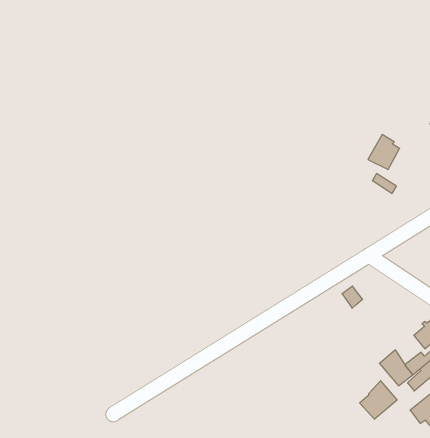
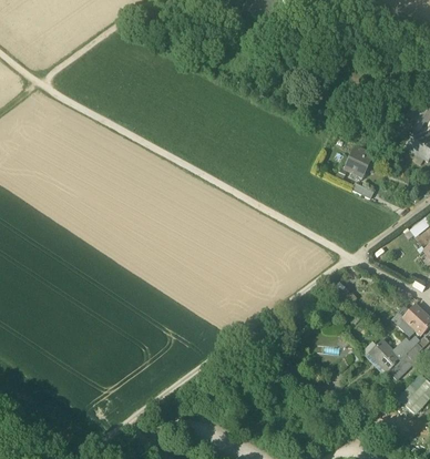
building: [360,381,397,419] -> none

